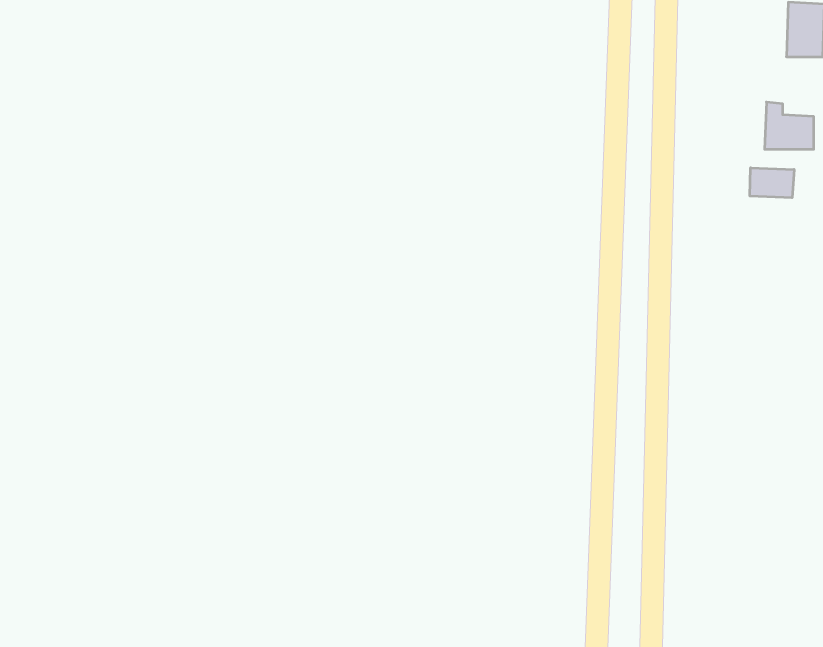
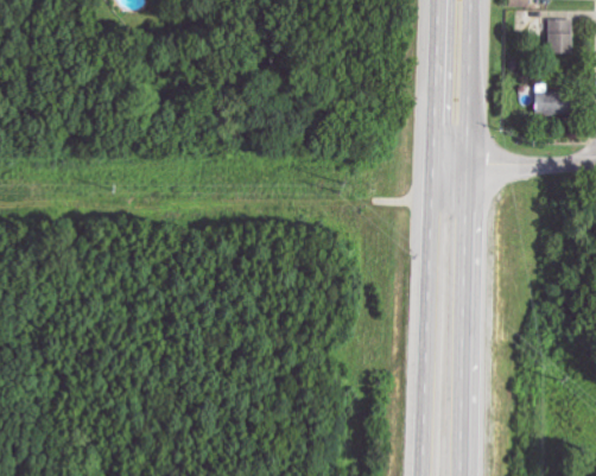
building: [750,168,794,198] -> none

